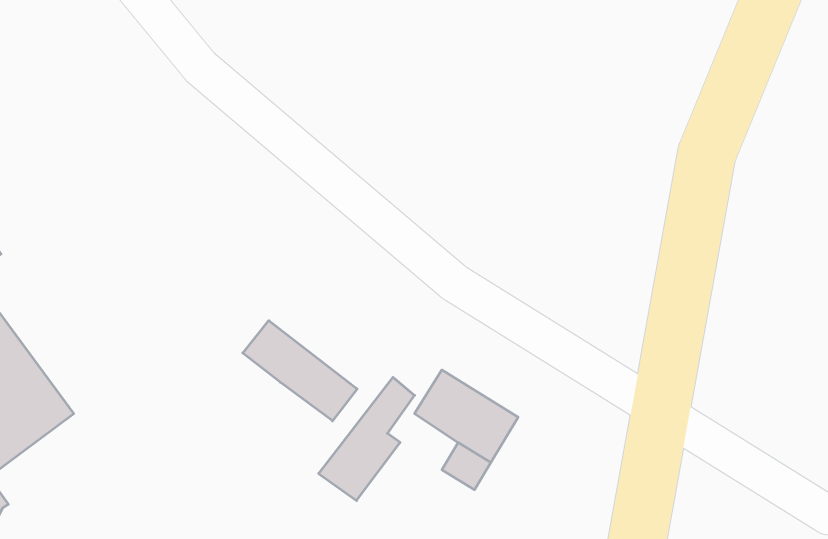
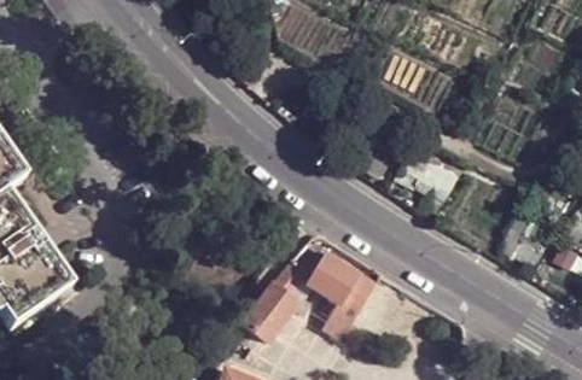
building: [243,321,357,421] -> none

